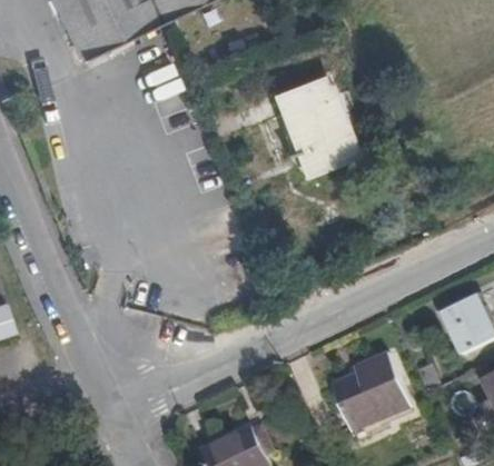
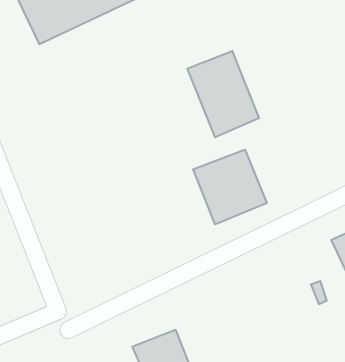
building: none -> [193,150,267,224]
building: [330,346,413,428] -> none

